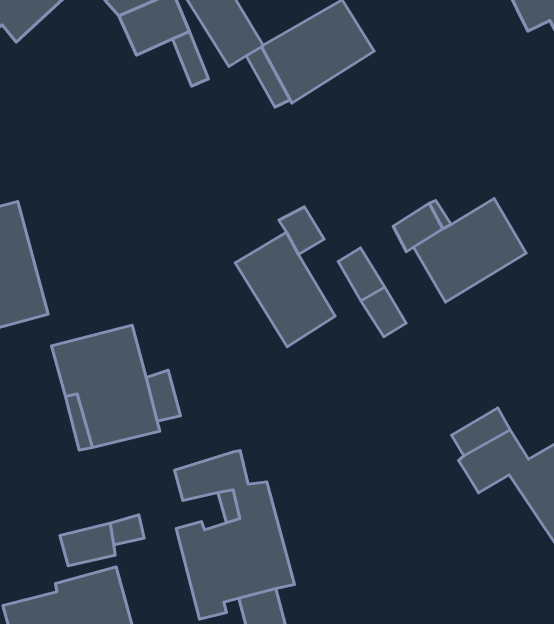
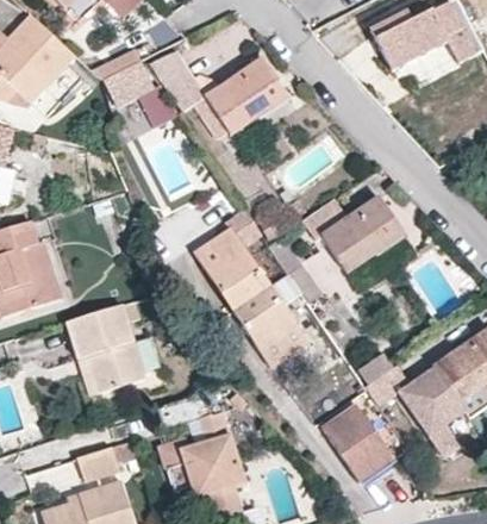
building: none -> [235,287,307,367]
building: none -> [325,394,406,480]

